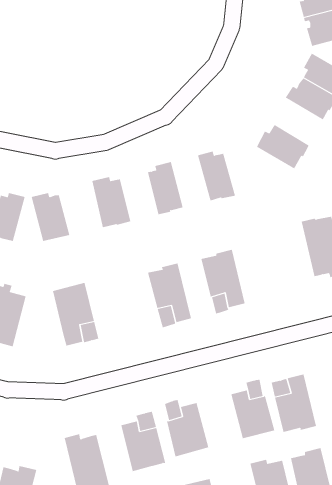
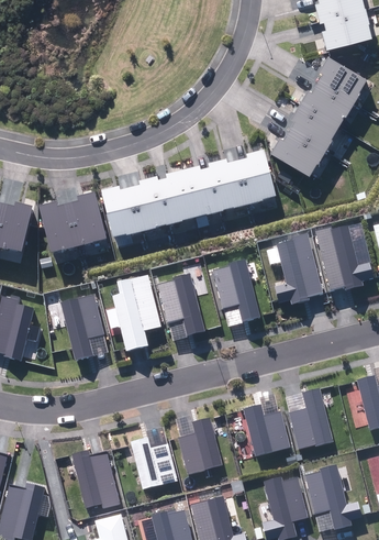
building: none -> [289,103,339,153]
building: none -> [237,150,277,205]
building: none -> [183,163,223,217]
building: none -> [131,176,169,231]
building: none -> [68,191,107,245]
building: none -> [275,233,323,305]
building: none -> [112,275,161,351]

